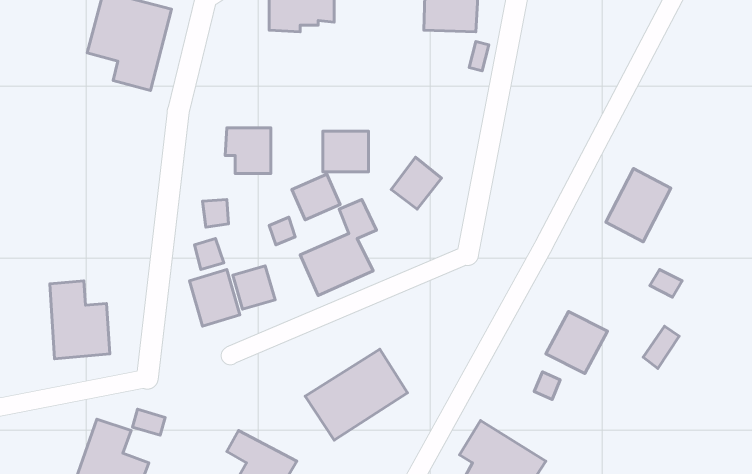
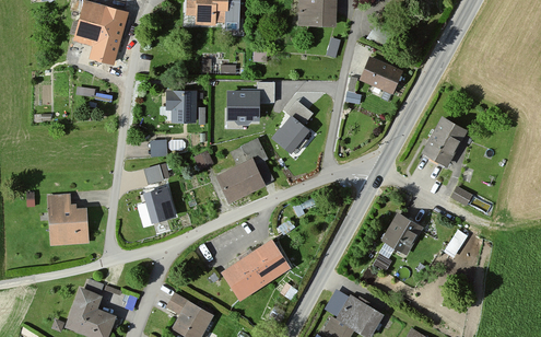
building: none -> [358,58,402,95]
building: [292,174,340,220] -> none
building: [233,266,275,309] -> none

